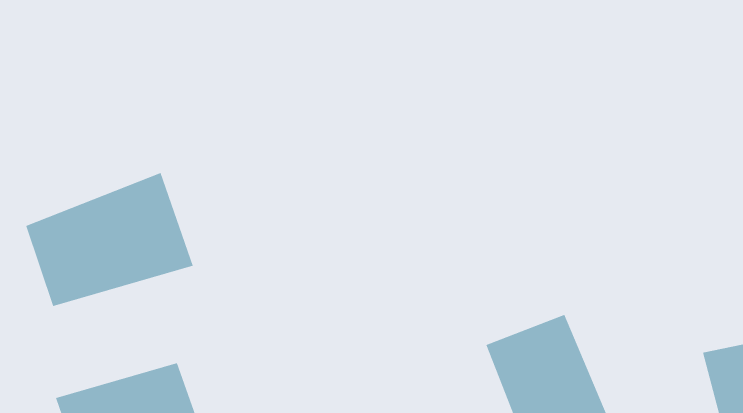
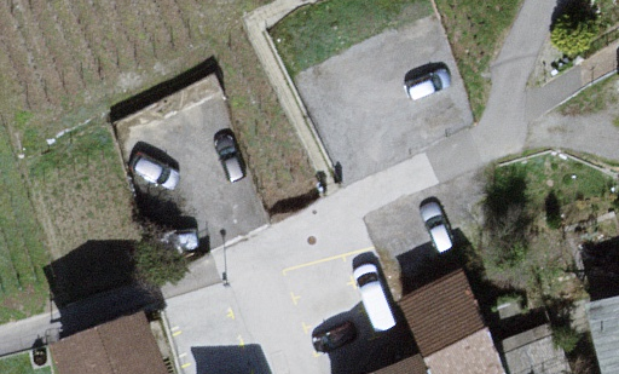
building: [25,172,193,307] -> none

